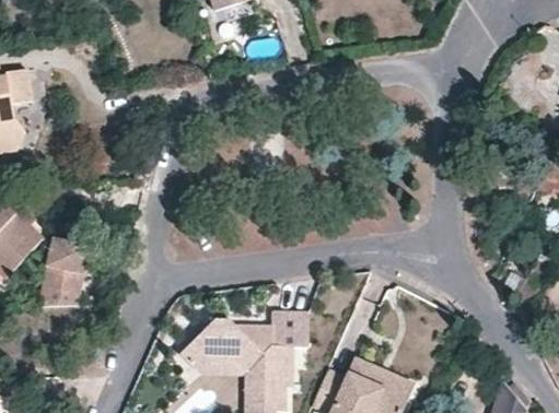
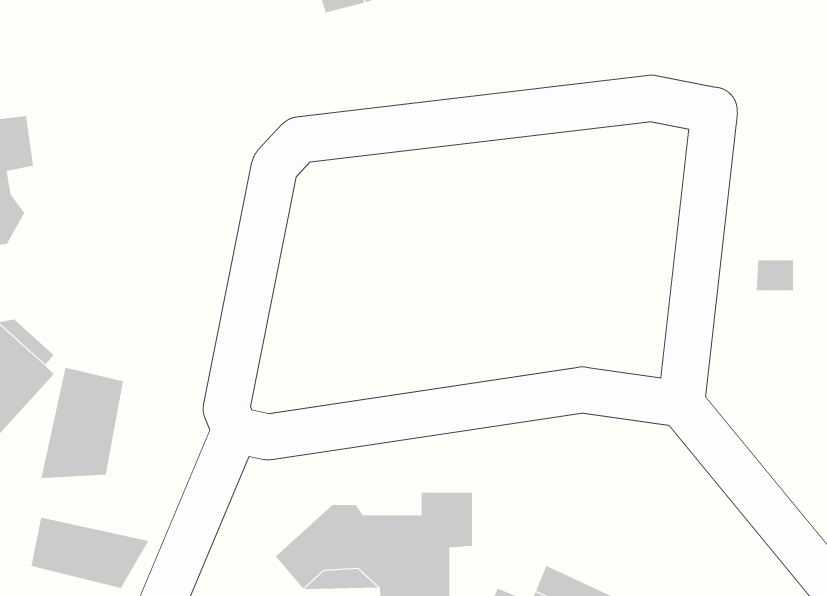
building: none -> [31,517,149,589]

